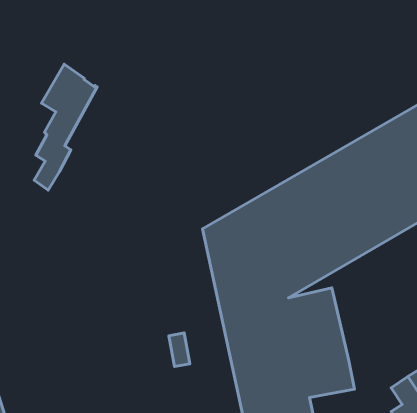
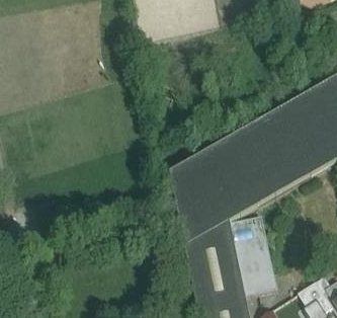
building: [34,64,97,190] -> none

